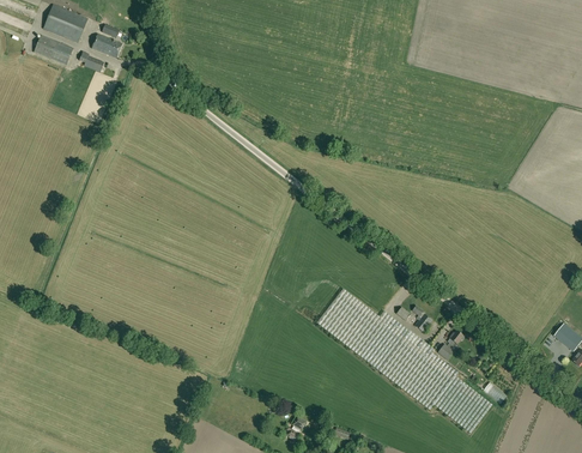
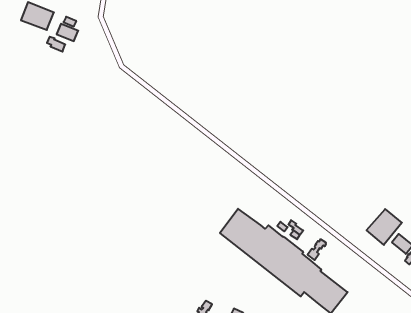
building: [35,35,74,66] -> none
building: none -> [367,209,402,245]

